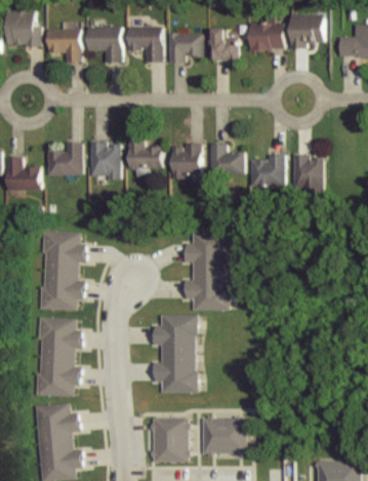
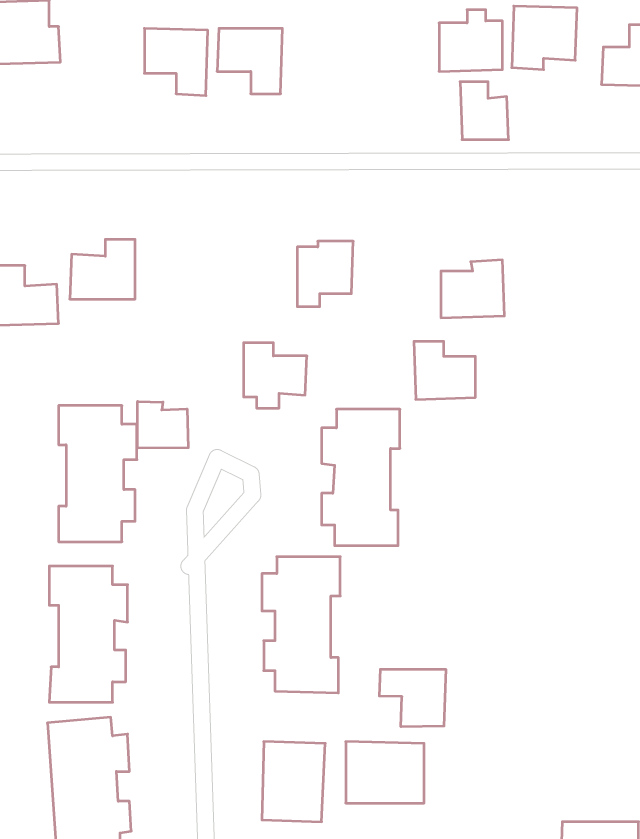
building: [48,29,83,63] -> none
building: [212,29,239,61] -> [460,82,509,140]
building: [169,33,204,63] -> none
building: [129,141,164,176] -> [244,343,307,408]
building: [90,142,121,178] -> none
building: [210,144,244,175] -> [414,341,475,399]
building: [293,155,324,188] -> none
building: none -> [138,401,188,448]
building: none -> [379,669,446,727]

